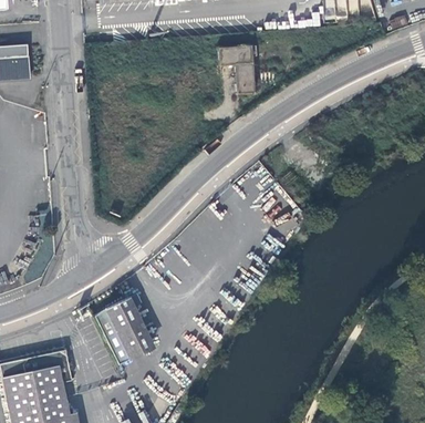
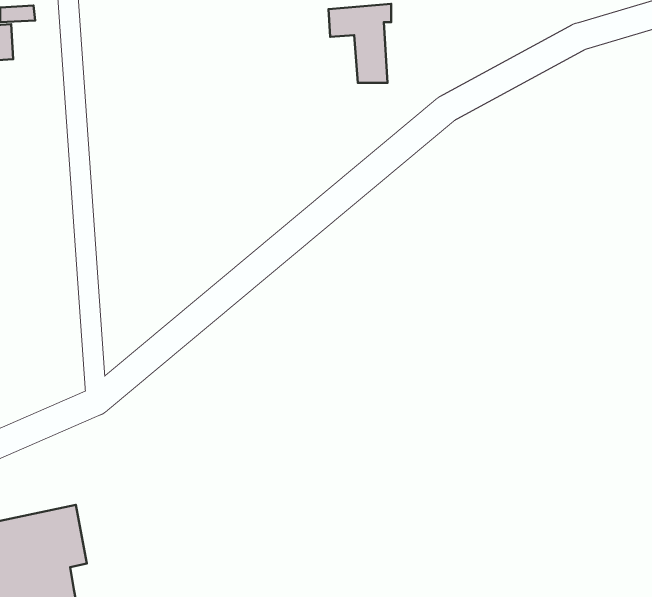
building: [94,298,151,363] -> none

